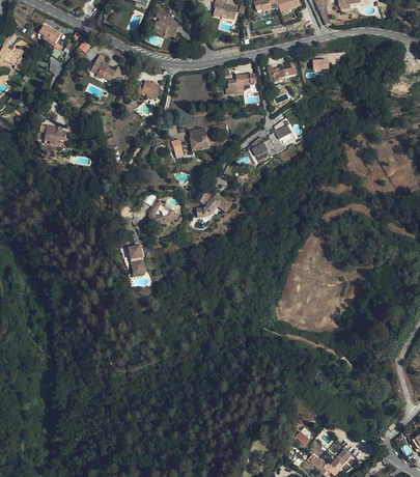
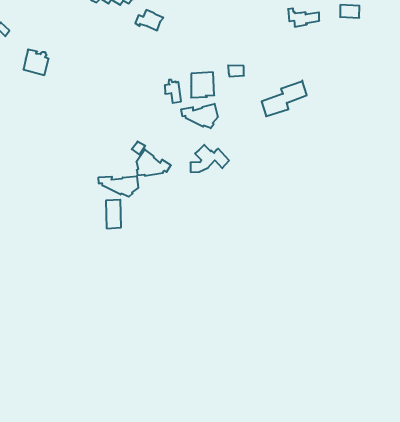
building: [226,73,256,94] -> none
building: none -> [181,104,218,128]
building: none -> [99,176,138,197]

